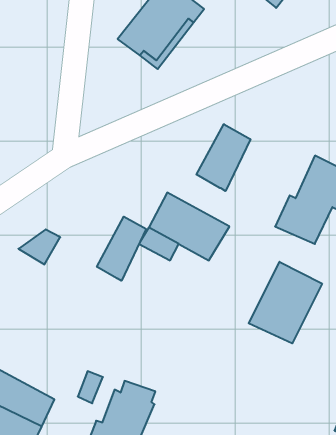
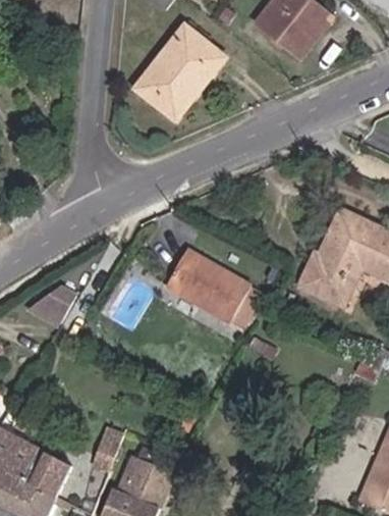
building: [196,124,250,191] -> none
building: [97,217,146,281] -> none
building: [249,262,322,343] -> none

